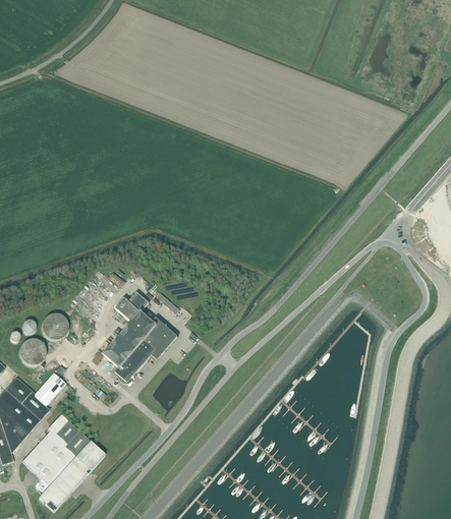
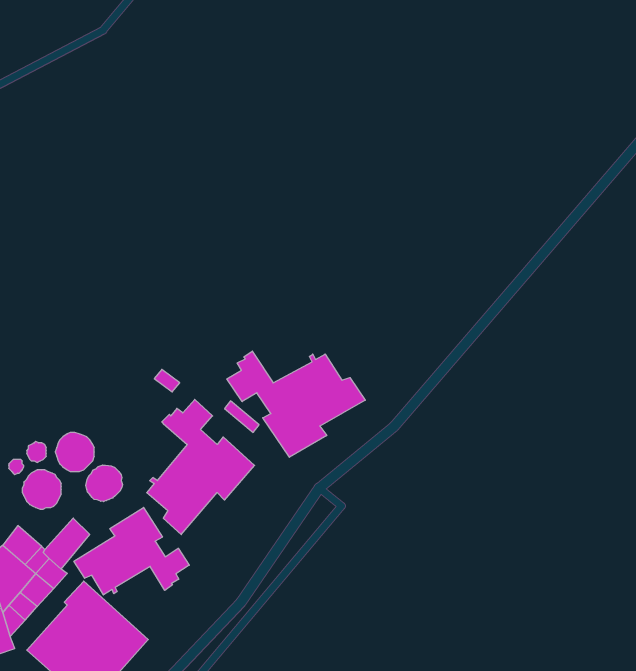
building: none -> [227,351,365,457]
building: none -> [86,465,122,502]
building: none -> [74,507,189,595]

